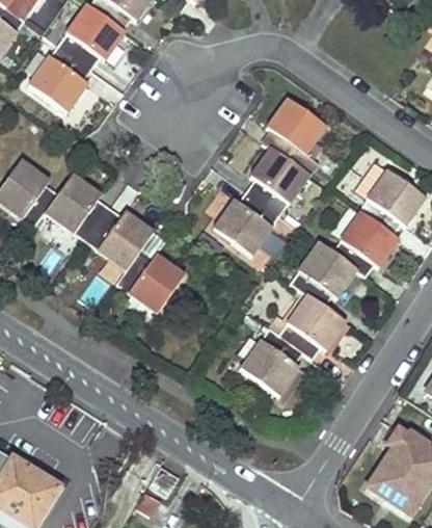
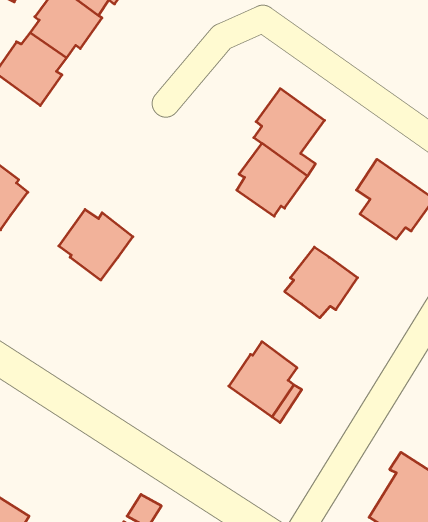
building: [42,170,109,239] -> none
building: [212,188,281,255] -> none
building: [331,210,401,274] -> none
building: [116,249,185,314] -> none
building: [270,292,346,358] -> none

